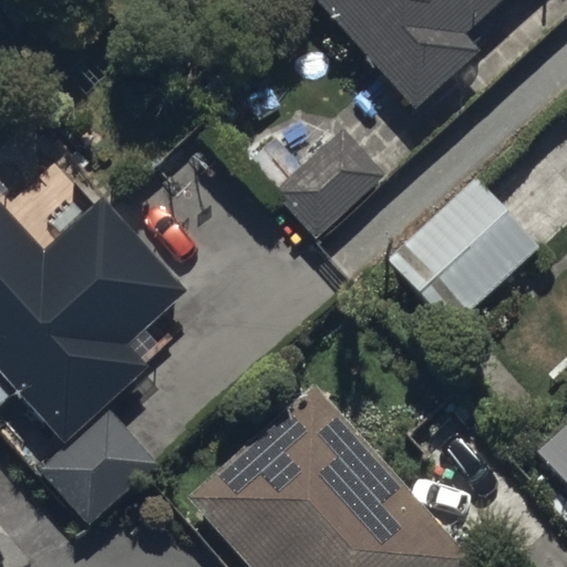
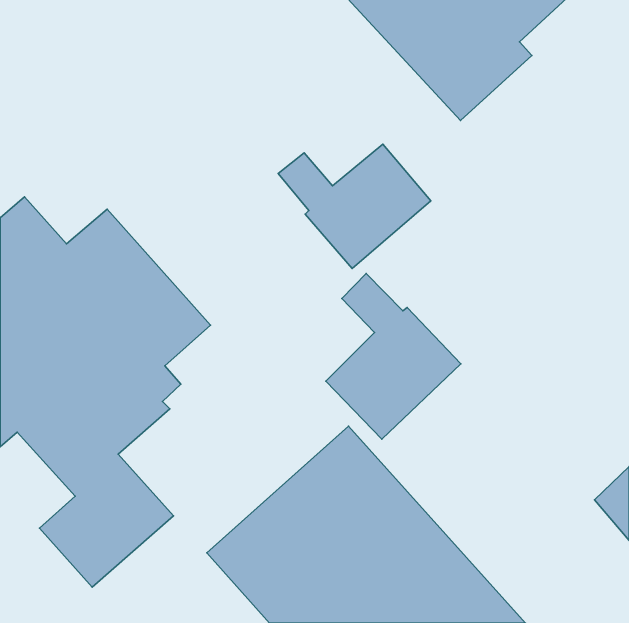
building: [386,176,539,328] -> none
building: none -> [326,274,461,439]

